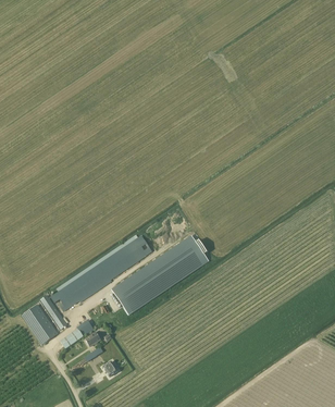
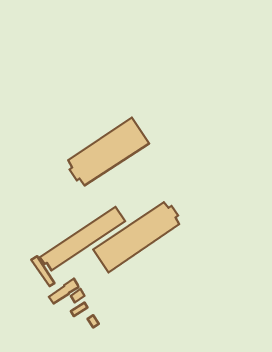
building: none -> [68,118,149,186]
building: [23,305,59,345] -> none

